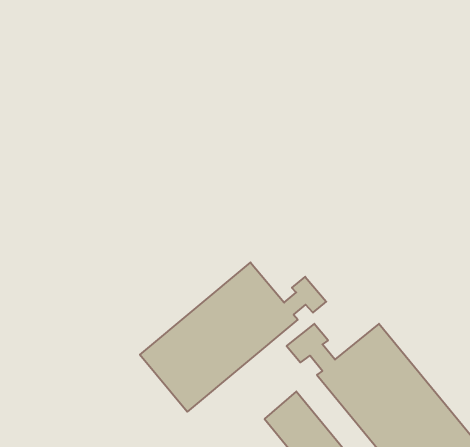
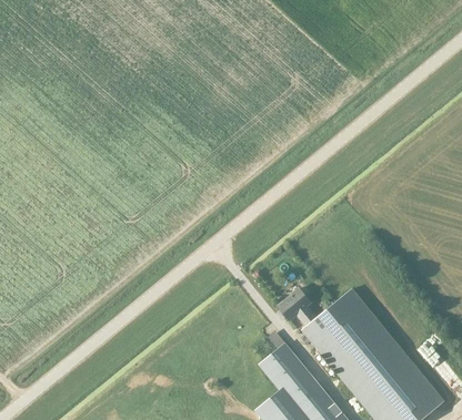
building: [140,262,326,412] -> none

